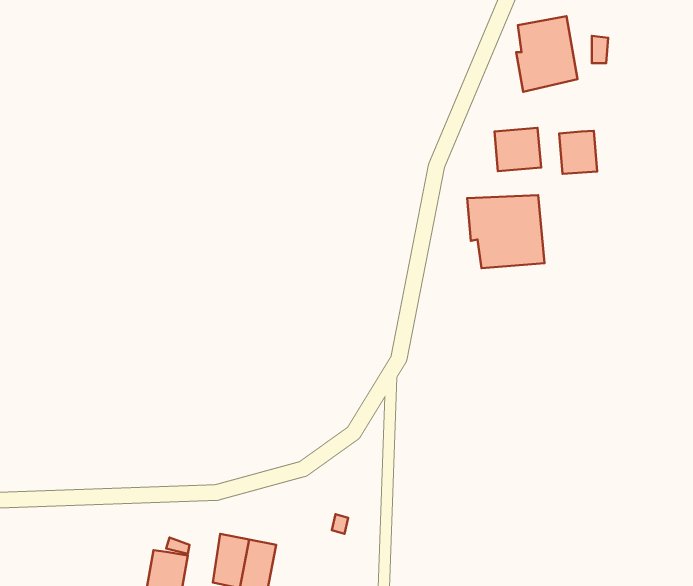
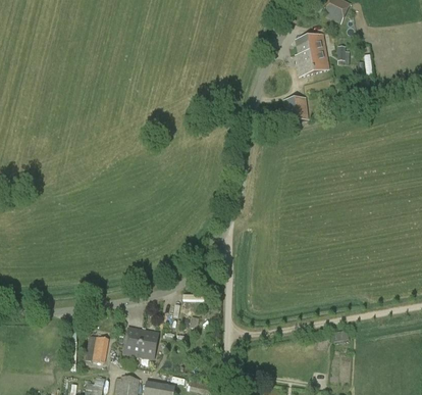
building: [559,131,597,174] -> none
building: [467,195,545,268] -> none

